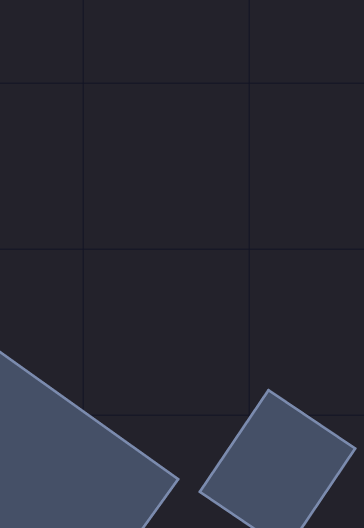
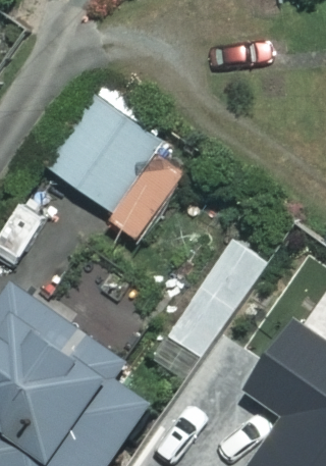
building: none -> [47,94,174,219]

